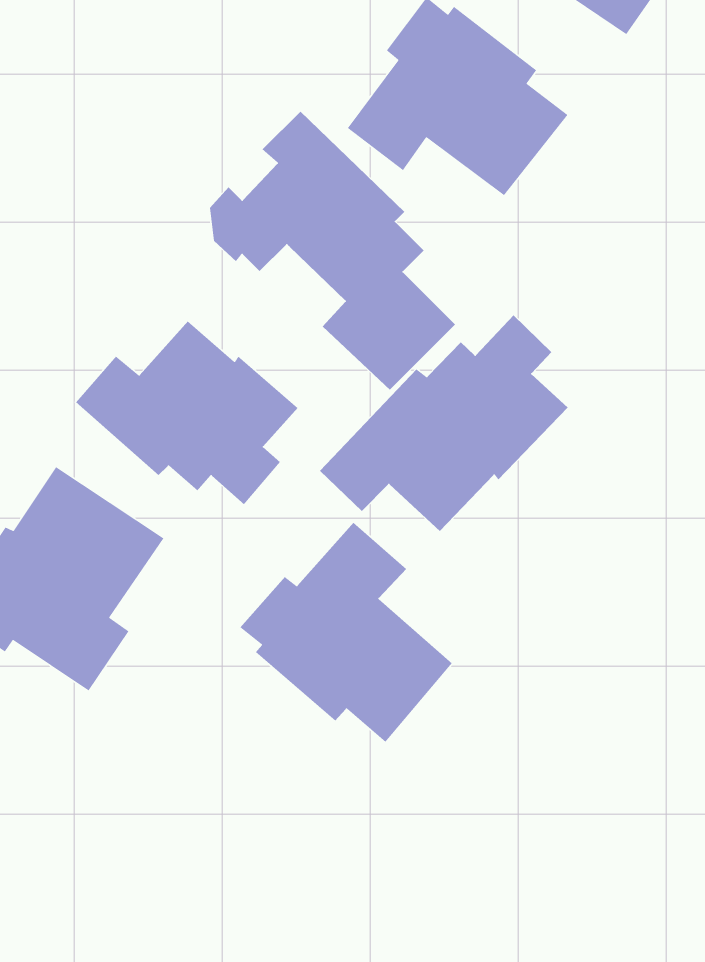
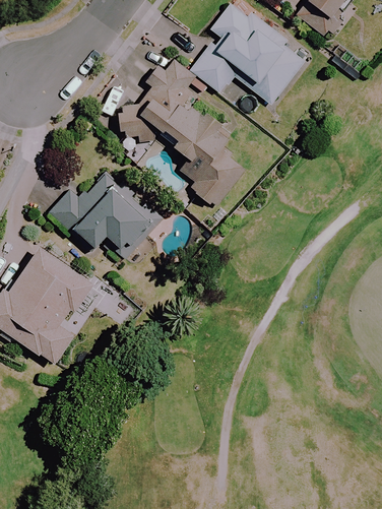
building: [319,315,568,532] -> none
building: [240,522,453,743] -> none

